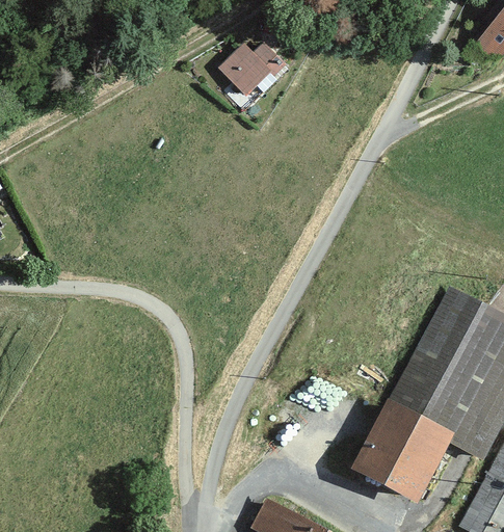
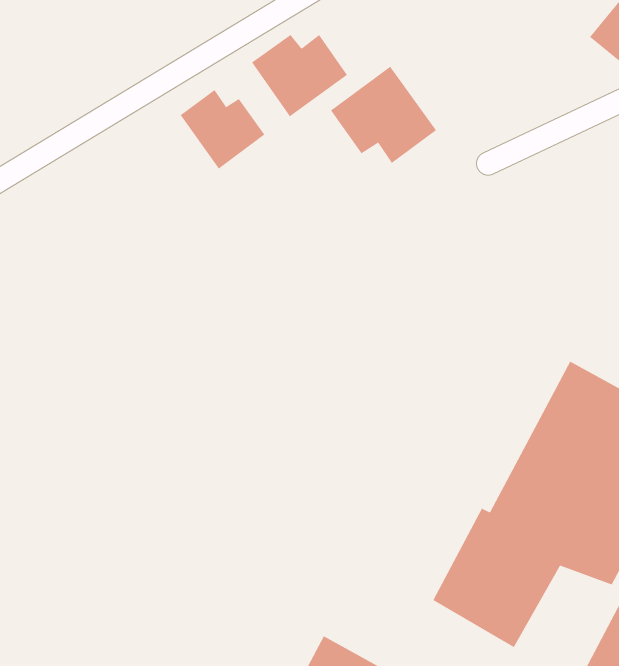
building: none -> [330,66,437,164]
building: none -> [180,89,265,169]

